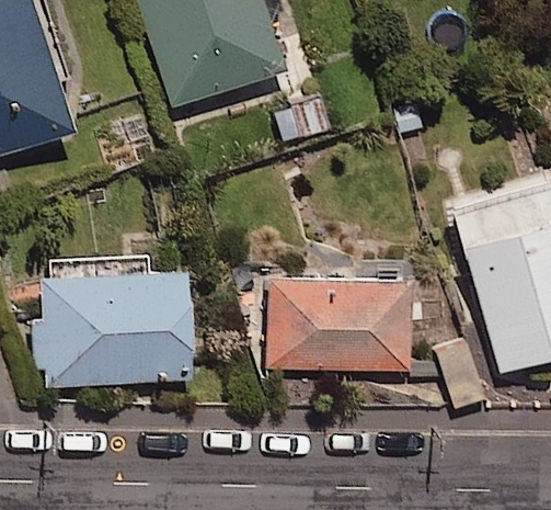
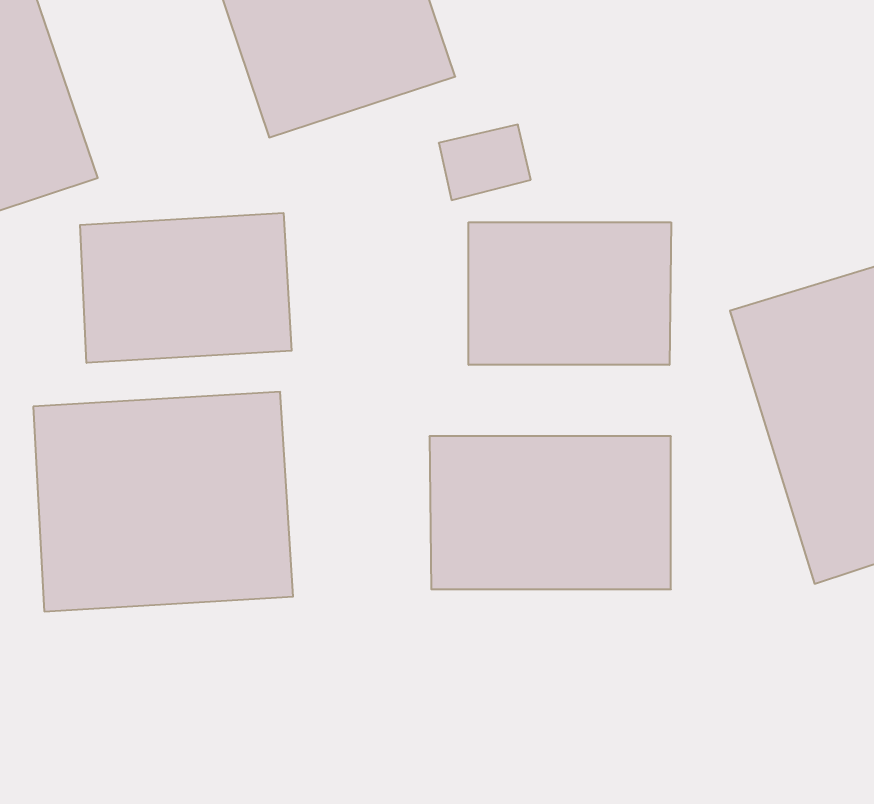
building: none -> [80,213,292,363]
building: none -> [469,222,671,365]

